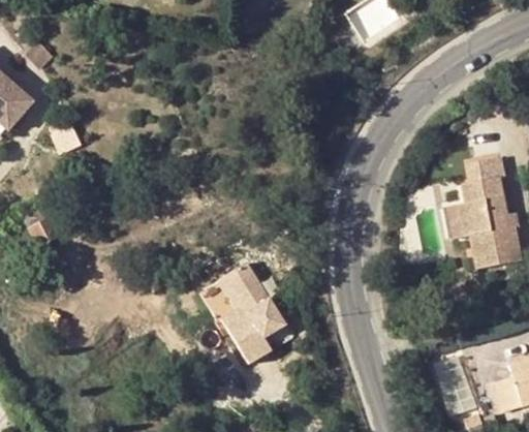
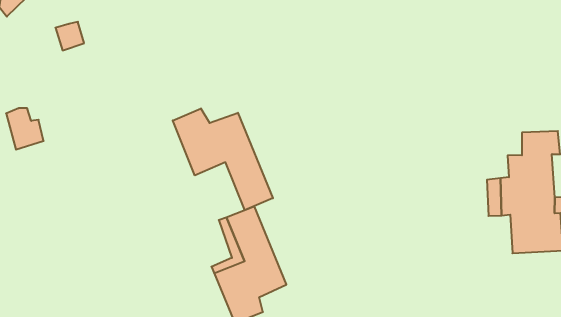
building: none -> [173,108,273,210]

